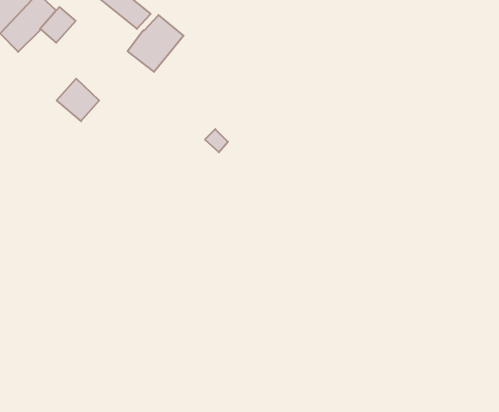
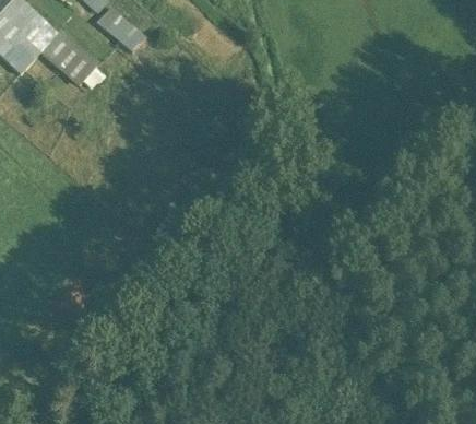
building: [128,15,184,72] -> none
building: [57,79,99,121] -> [56,43,96,83]

